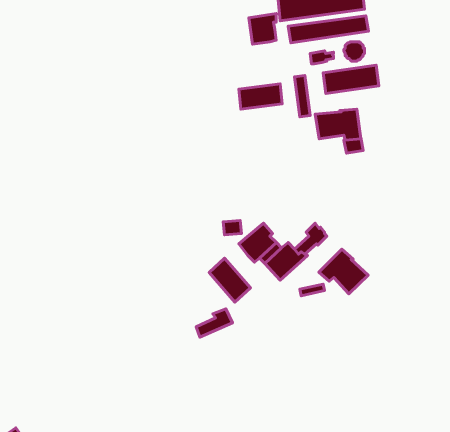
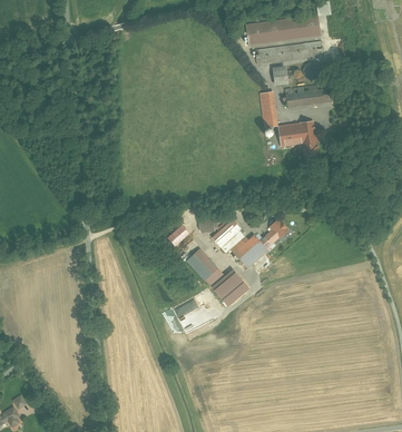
building: [249,14,277,44] -> none
building: [239,84,282,109] -> none
building: [319,249,368,294] -> none
building: none -> [212,269,243,300]

